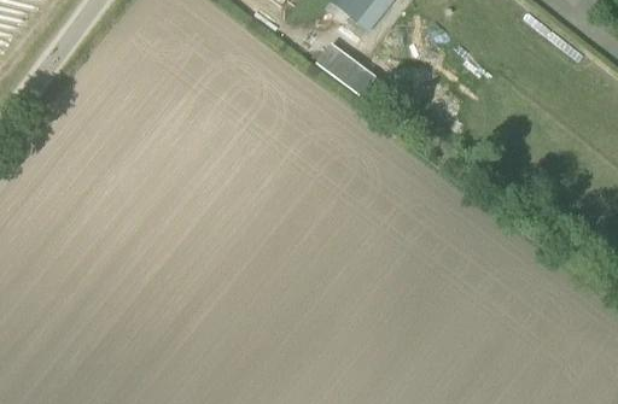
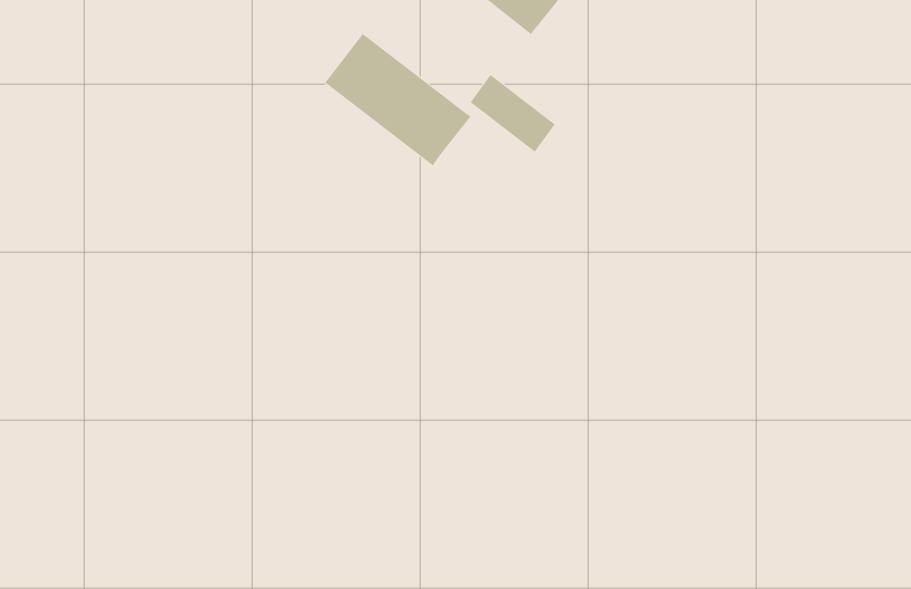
building: none -> [324,33,471,166]

